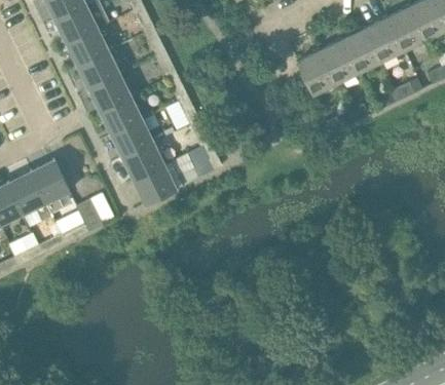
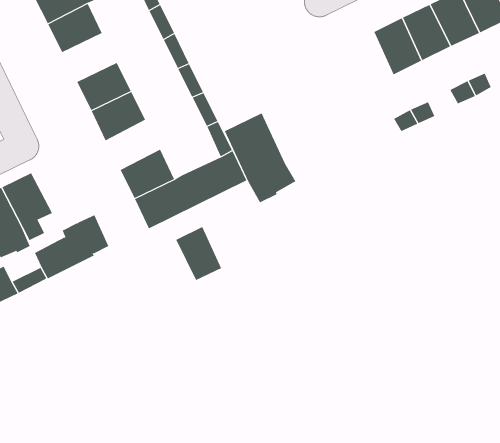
building: [297,49,336,94] -> none
building: [77,50,120,88] -> none
building: none -> [224,113,296,203]
building: [111,118,154,157] -> none
building: none -> [176,226,222,281]

